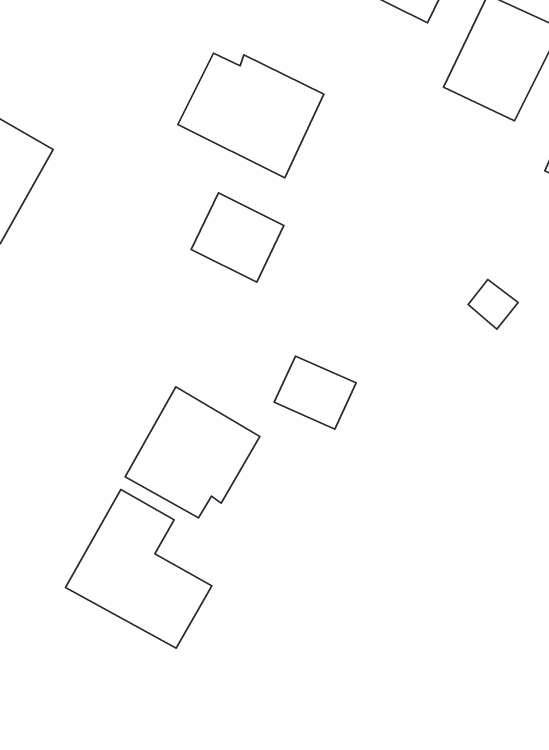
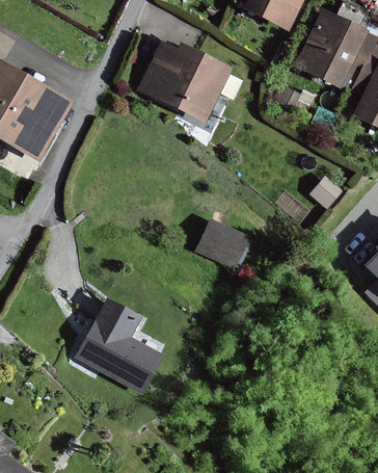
building: [191,193,284,282] -> none
building: [125,387,260,518] -> none

